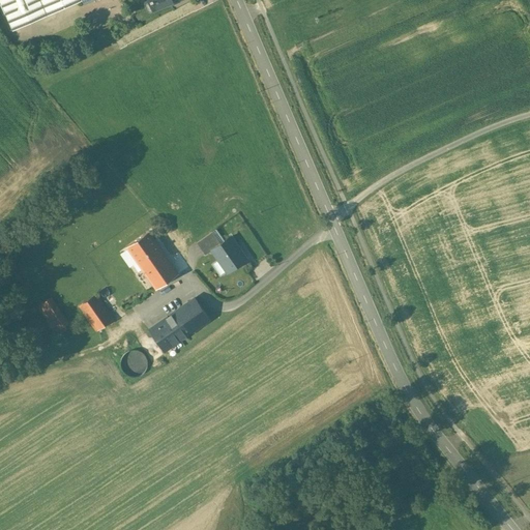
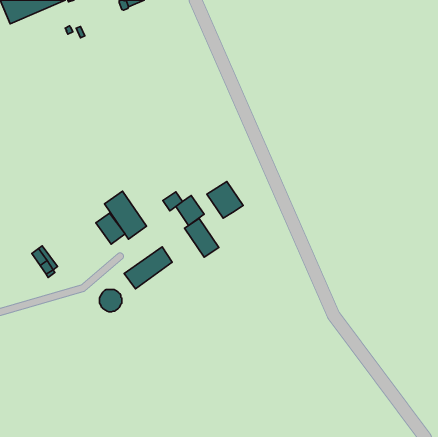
building: none -> [207,181,243,218]
building: none -> [184,219,219,257]
building: [79,295,114,332] -> [96,213,125,244]

